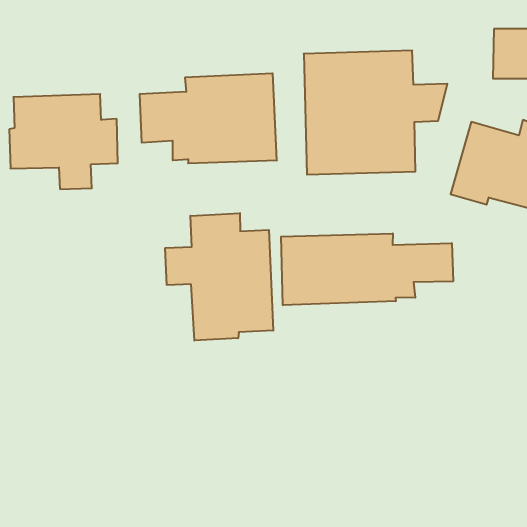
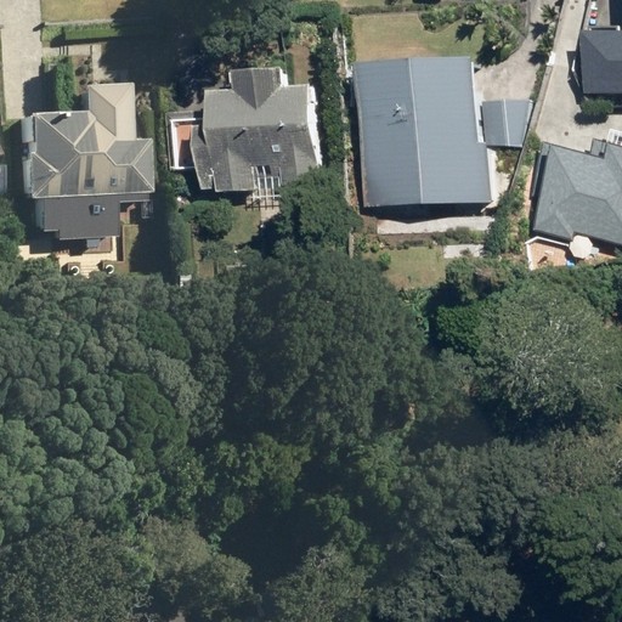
building: [165,213,273,341] -> none
building: [281,233,453,305] -> none

